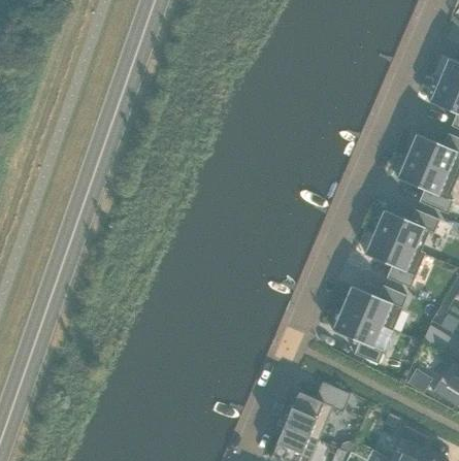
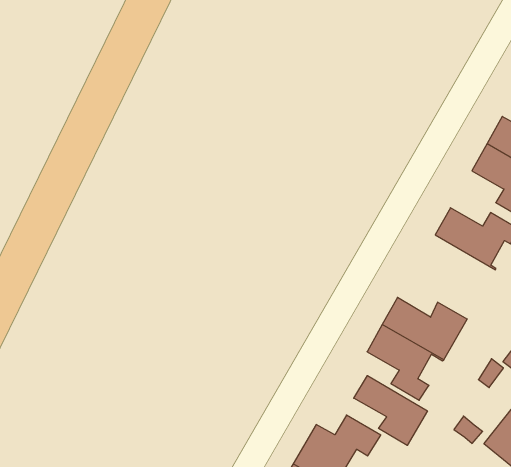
building: [363,232,424,288] -> none
building: none -> [354,376,427,445]

